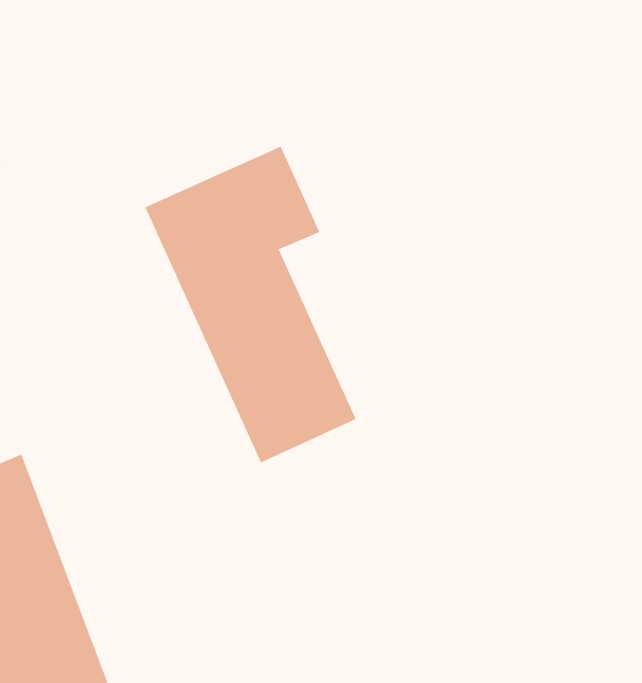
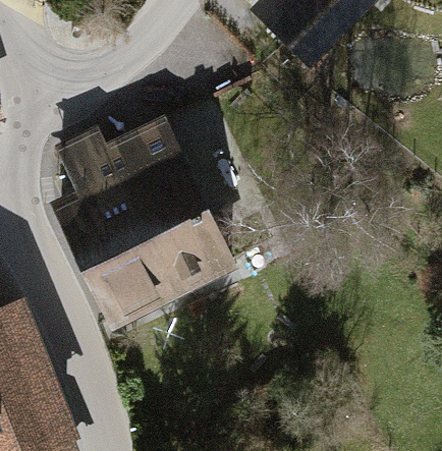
building: none -> [48,123,176,339]

